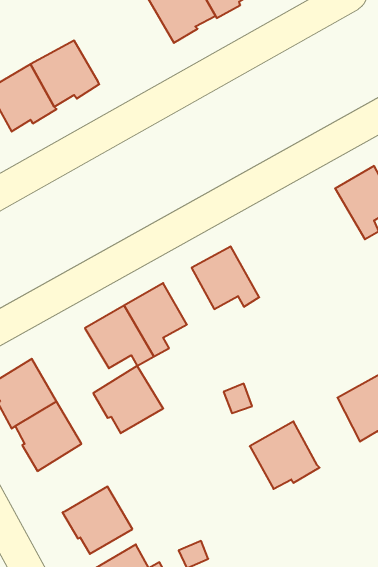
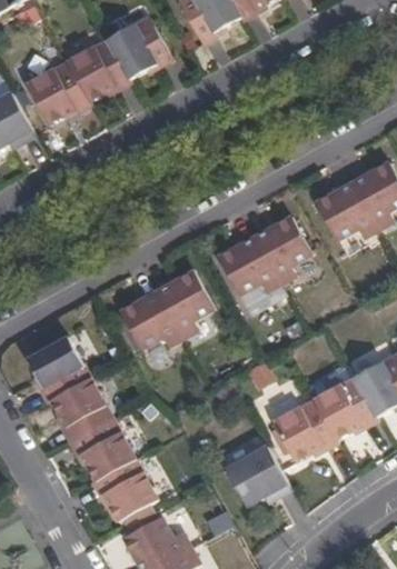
building: none -> [107,17,171,79]
building: none -> [316,179,379,238]
building: none -> [254,213,311,281]
building: [93,366,163,433] -> [72,419,138,482]
building: none -> [312,376,377,439]
building: none -> [225,445,290,505]

